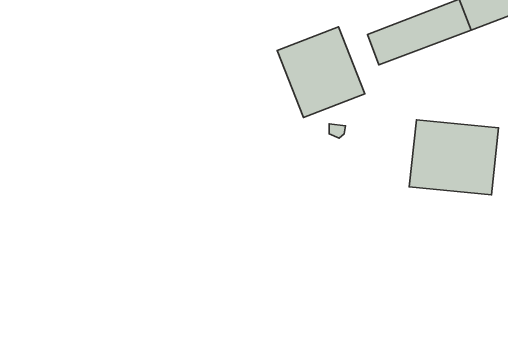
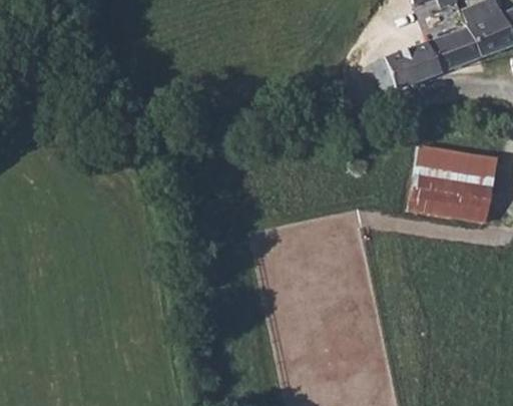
building: [277,27,365,118] -> none

